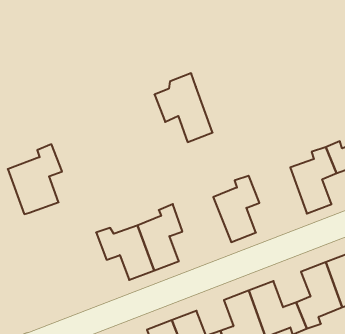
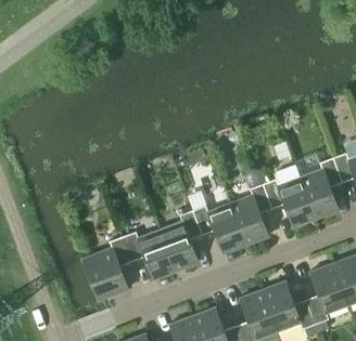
building: [154,73,213,142] -> [263,165,316,227]
building: [8,144,62,214] -> [82,236,132,300]
building: none -> [193,204,246,253]

